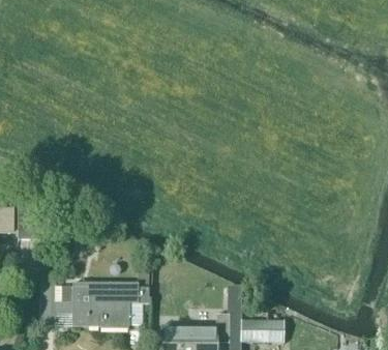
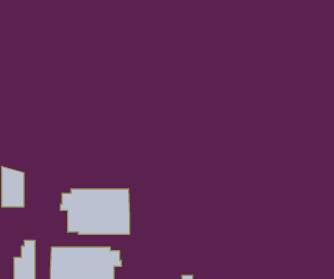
building: none -> [60,189,129,234]

